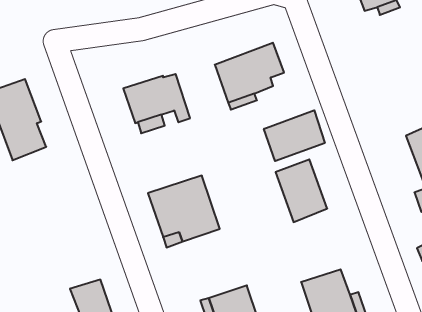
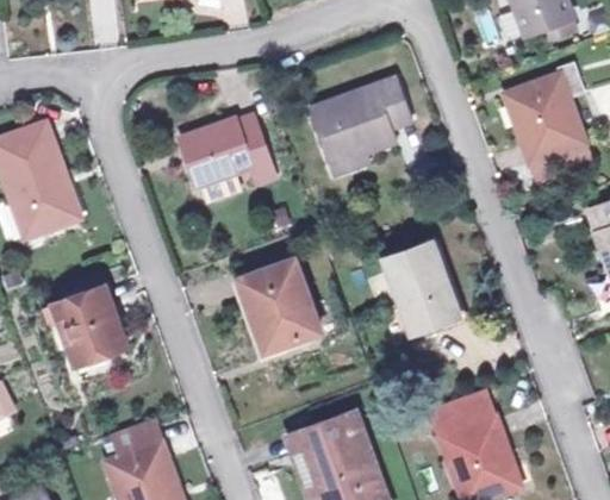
building: none -> [506,75,586,176]
building: [264,110,325,161] -> none
building: none -> [51,282,125,364]

